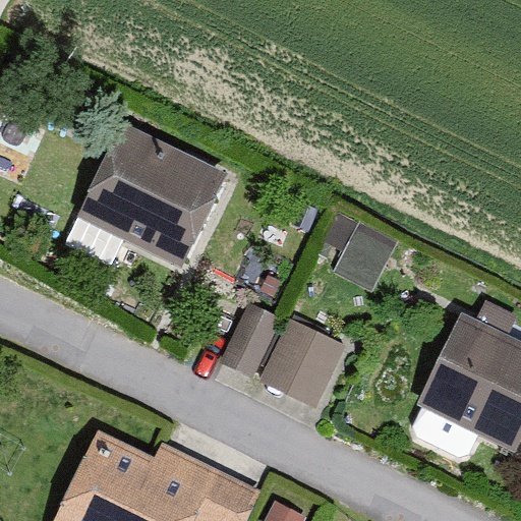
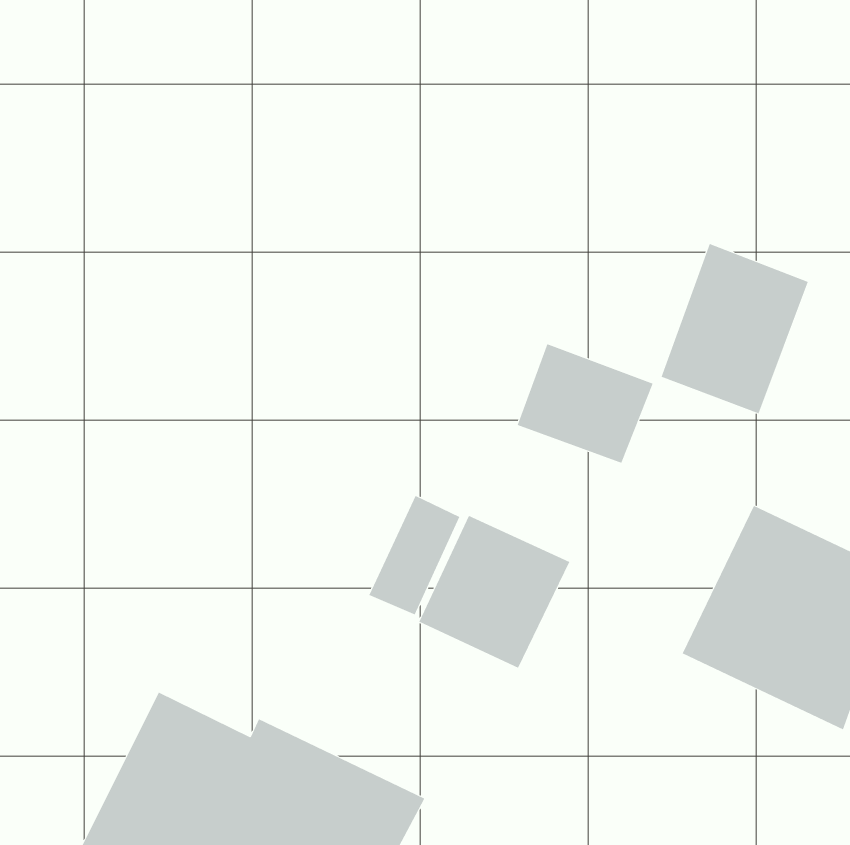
building: [78,124,224,264] -> none
building: none -> [661,243,808,414]

